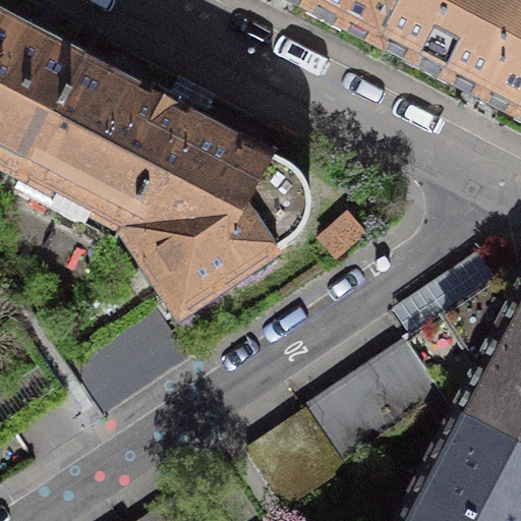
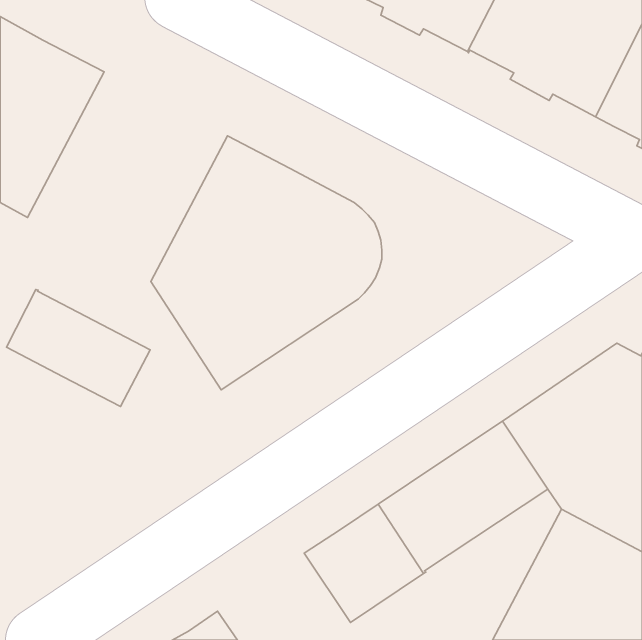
building: [16,58,184,228] -> none
building: none -> [7,289,150,407]

